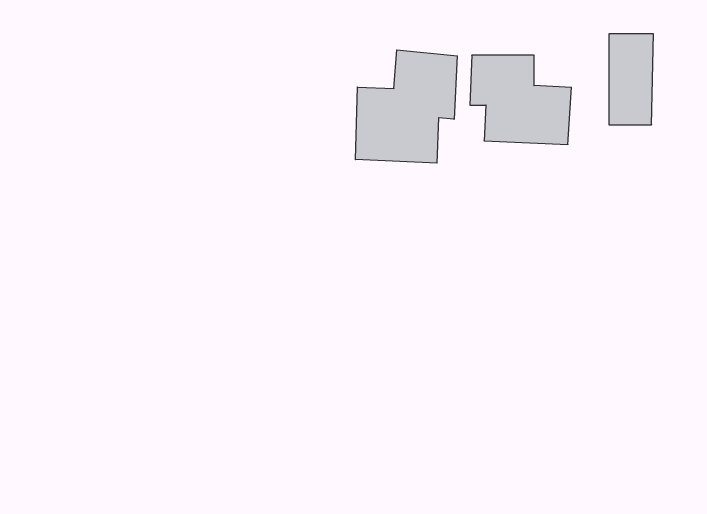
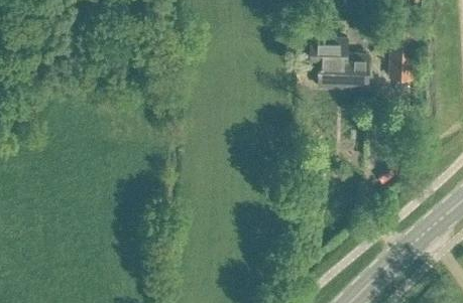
building: [355,50,457,163] -> none

